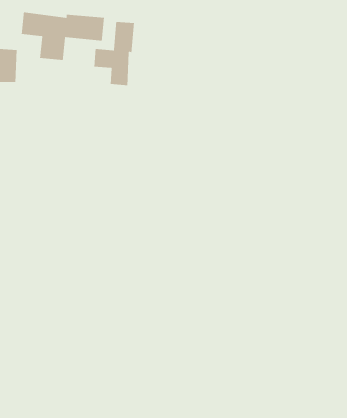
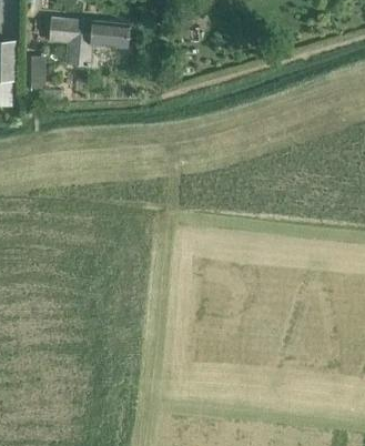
building: [93,21,135,86] -> none

